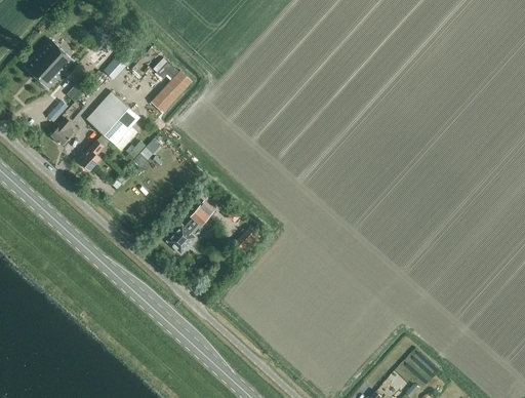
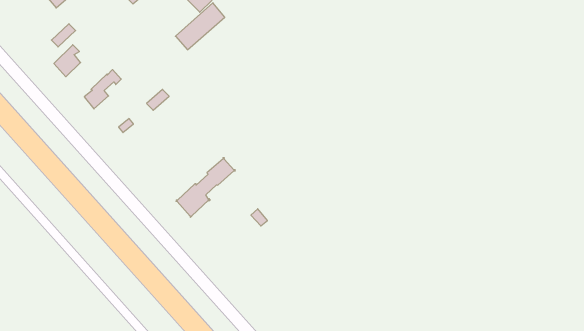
building: [87,91,139,145] -> none

